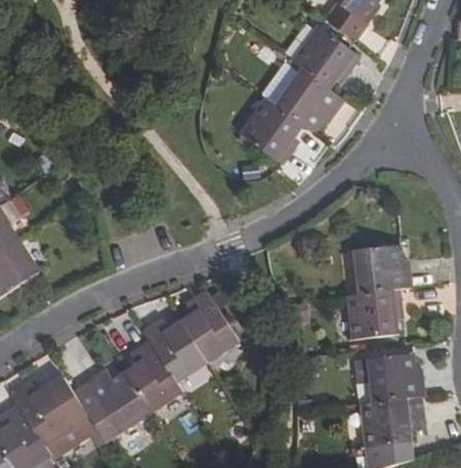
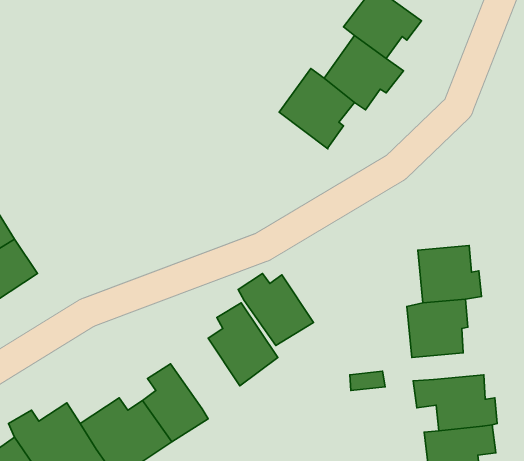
building: [144,322,208,382] -> [238,274,314,346]

